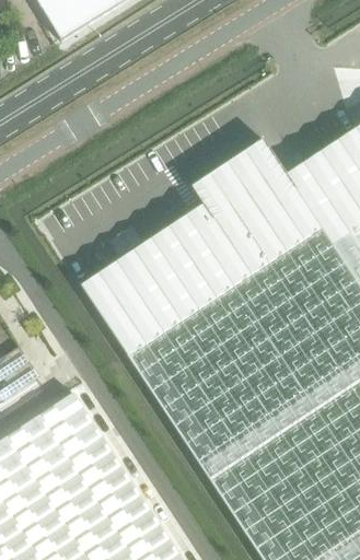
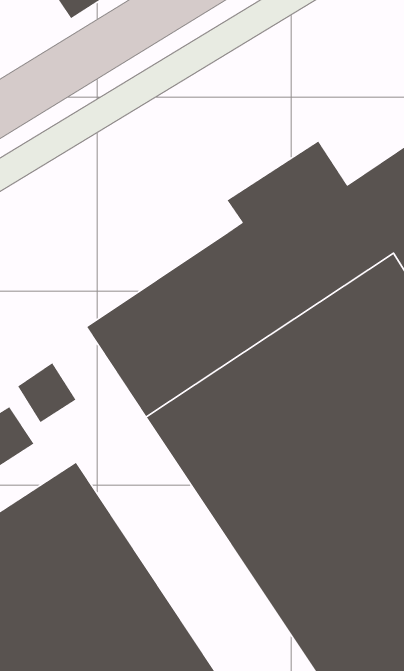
building: none -> [17,362,77,423]

